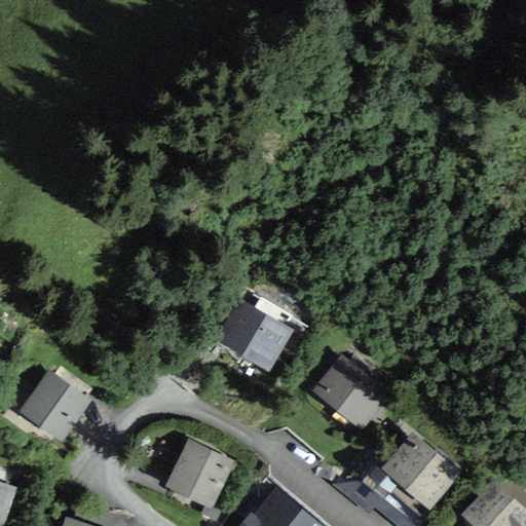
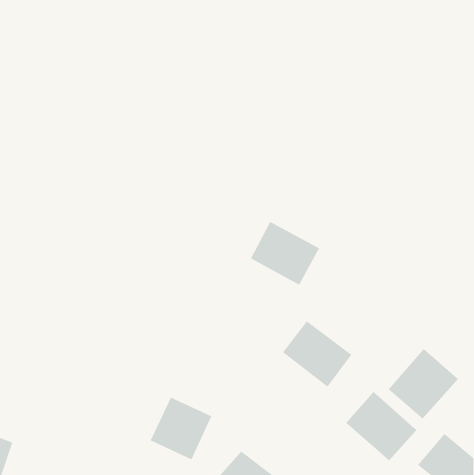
building: [215,300,292,371] -> [250,221,320,286]
building: [21,371,90,440] -> none
building: none -> [388,348,459,419]

